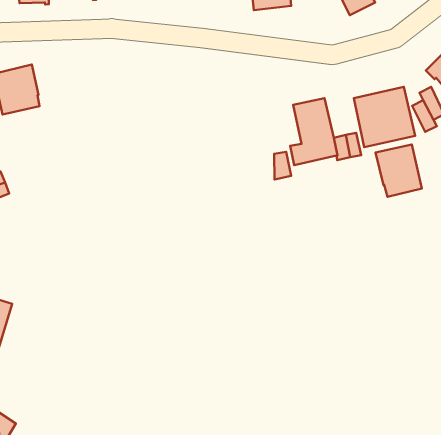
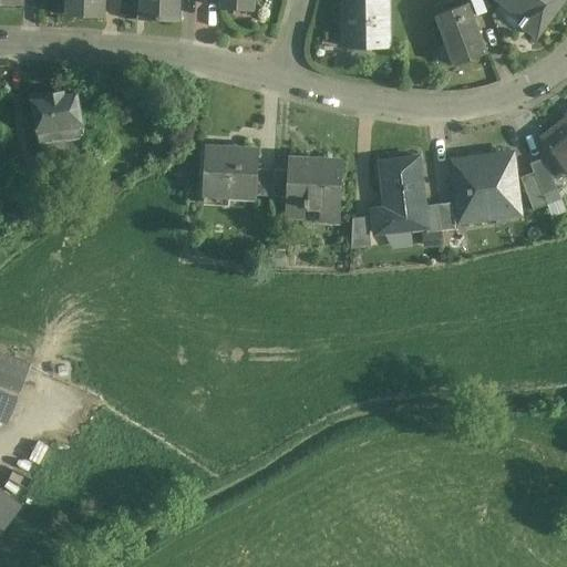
building: none -> [284,154,341,220]
building: none -> [202,151,258,196]
building: [375,144,422,197] -> none

